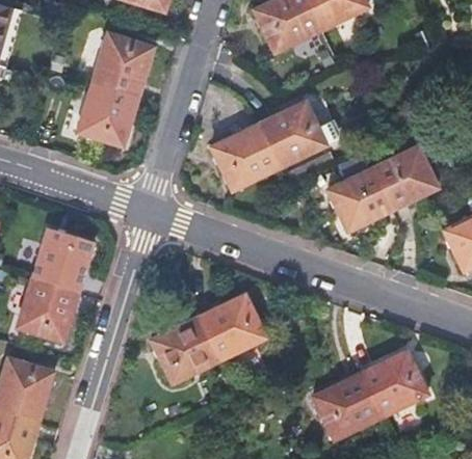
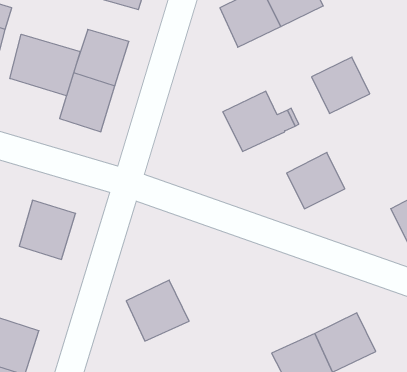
building: none -> [10,34,80,96]
building: [210,127,279,193] -> none
building: [372,150,437,212] -> [312,57,370,113]
building: [16,275,78,340] -> none
building: [198,292,262,358] -> none

